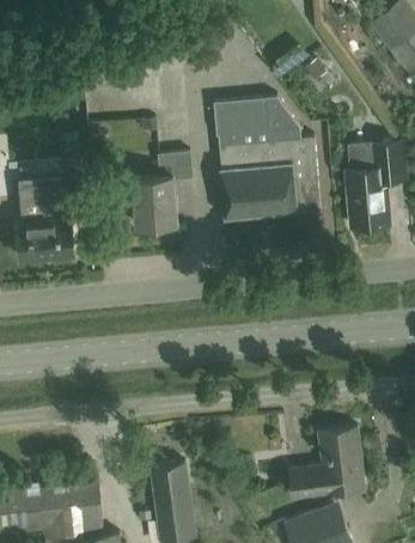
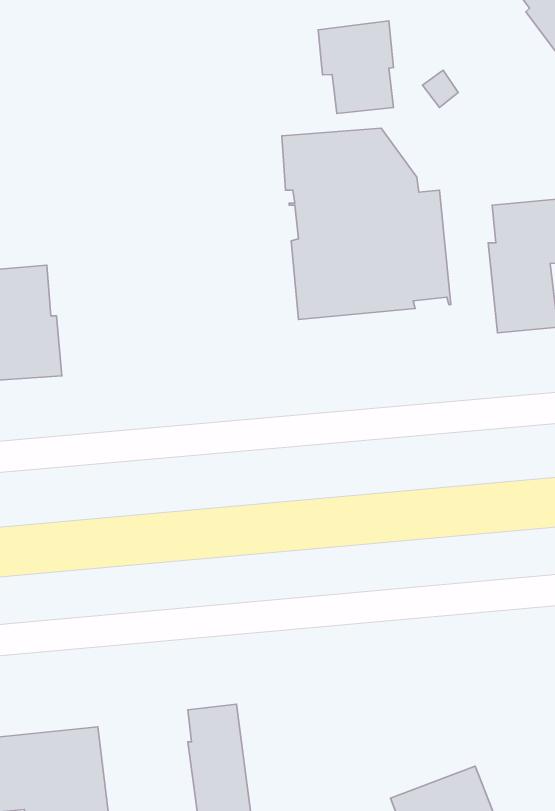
building: none -> [318,21,393,113]
building: [133,153,191,226] -> none
building: [291,428,362,498] -> none

